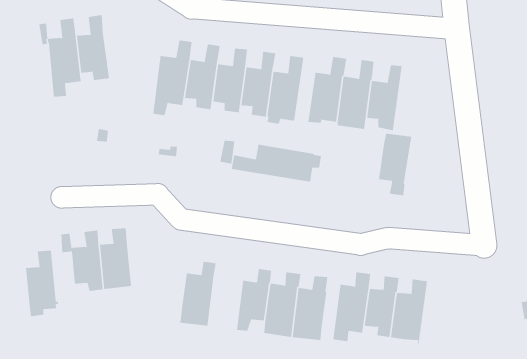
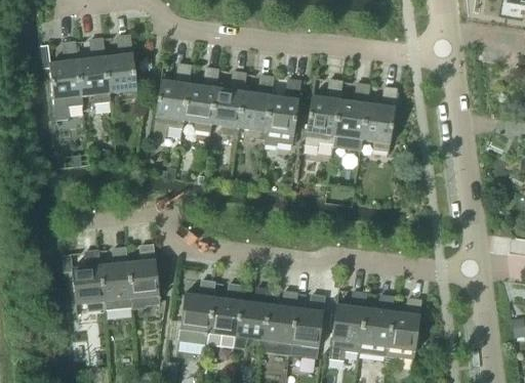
building: none -> [105,36,138,101]
building: [378,133,412,196] -> none
building: [231,144,321,182] -> none
building: [25,249,59,317] -> [128,244,161,310]
building: none -> [207,284,243,348]

